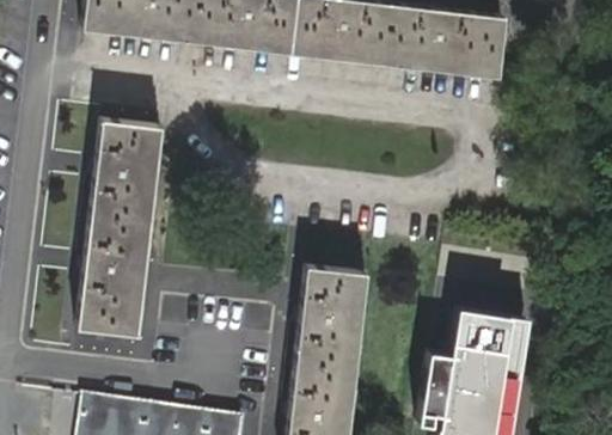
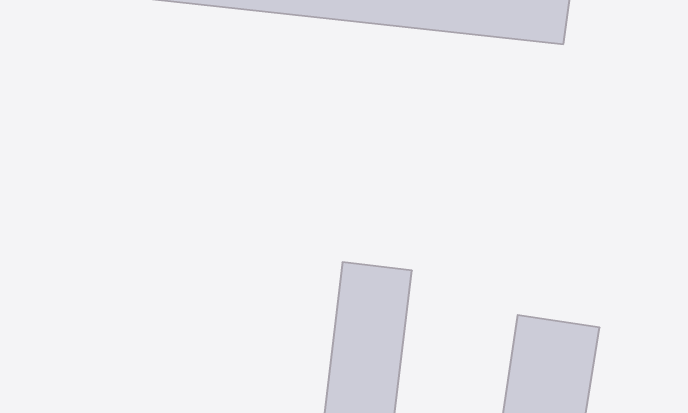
building: [78,121,159,336] -> none

